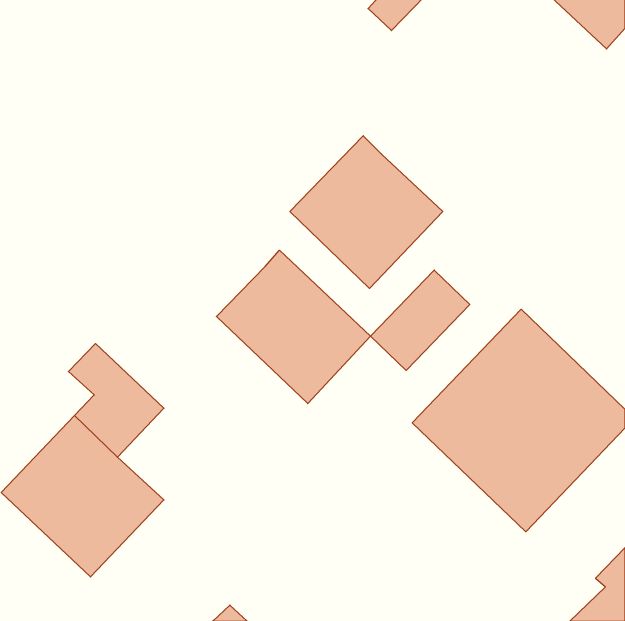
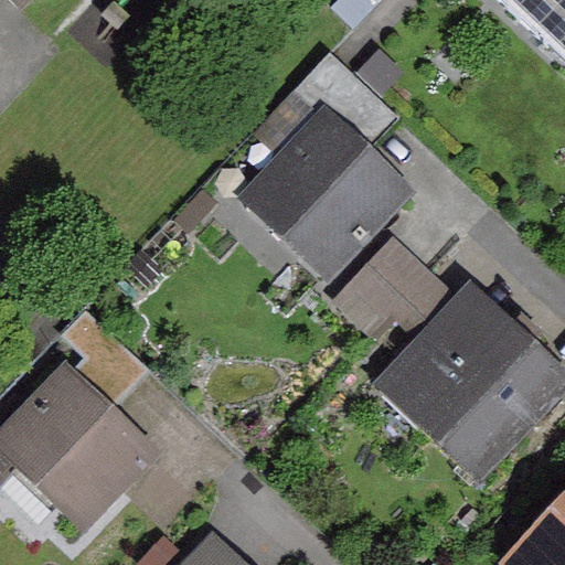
building: none -> [294,53,381,139]
building: [216,250,371,404] -> none

